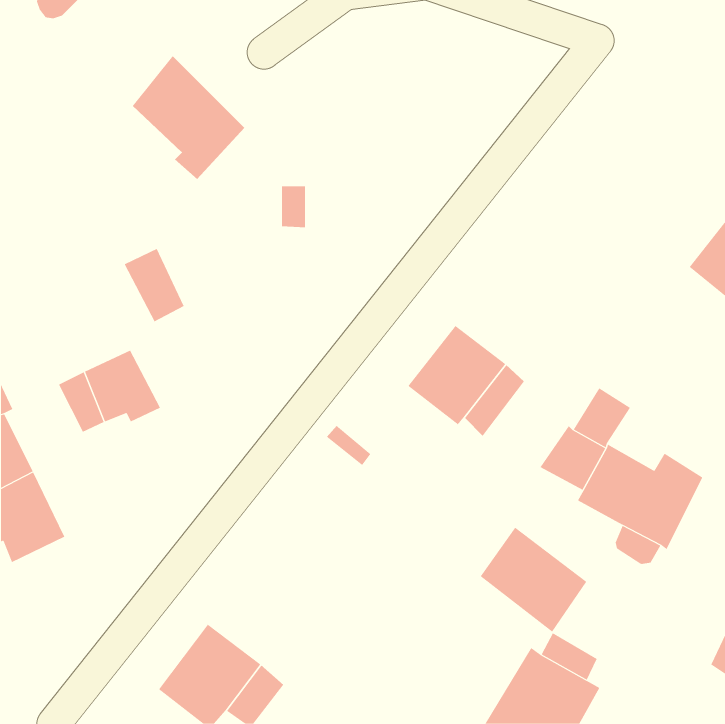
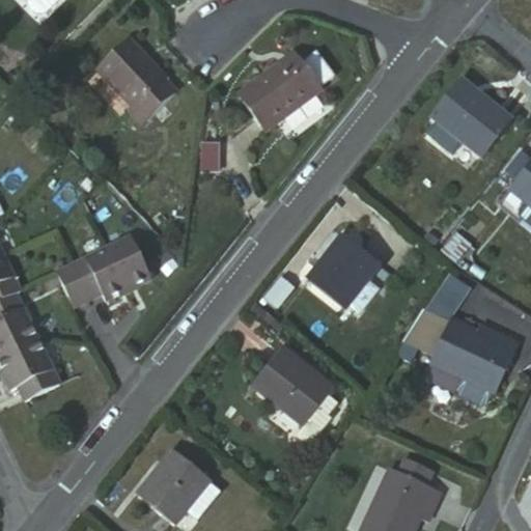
building: none -> [248,48,331,123]
building: none -> [429,76,510,156]
building: [124,248,185,322] -> [105,239,148,291]
building: [480,527,587,633] -> [255,344,332,420]

